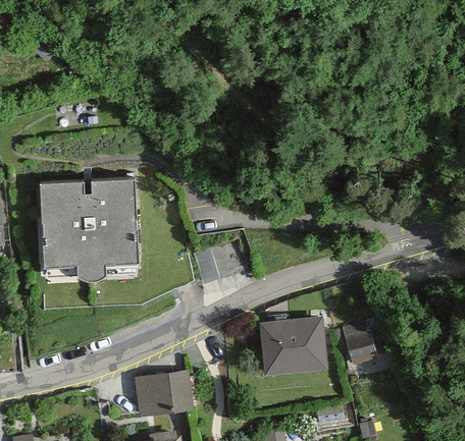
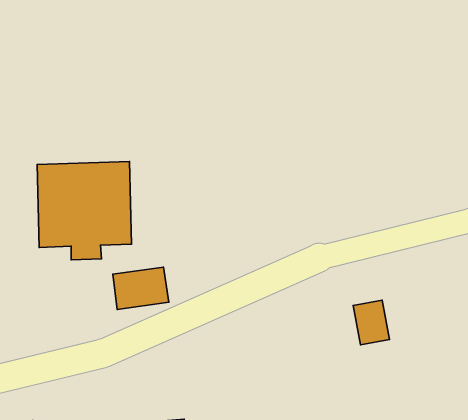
building: [259,319,324,373] -> none
building: [137,375,192,417] -> [113,267,169,310]

